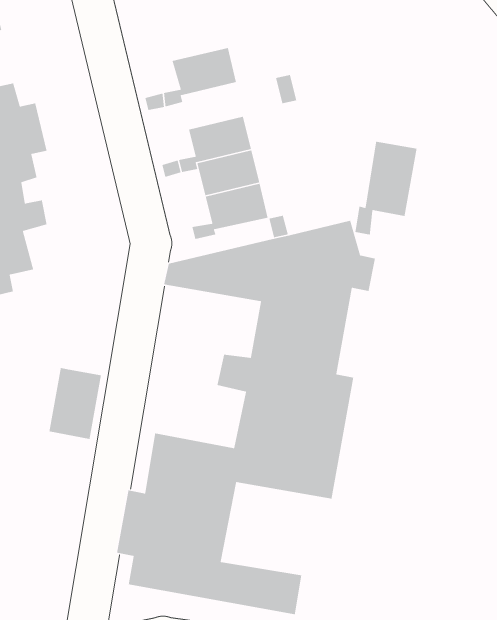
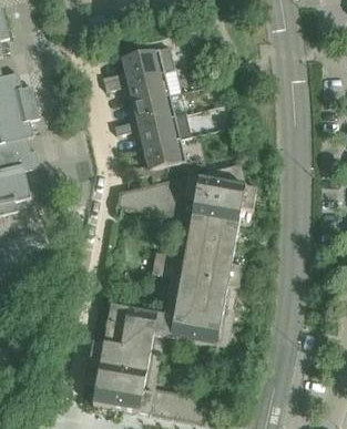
building: none -> [129,72,170,103]
building: [354,141,418,236] -> none
building: [49,367,102,440] -> none

